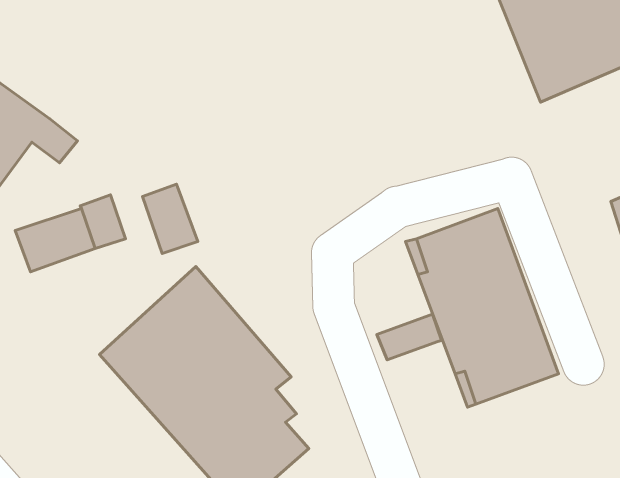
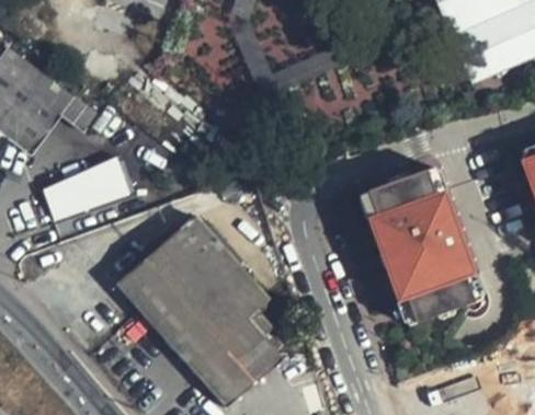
building: [142,184,198,254] -> none
building: [377,314,441,360] -> none

